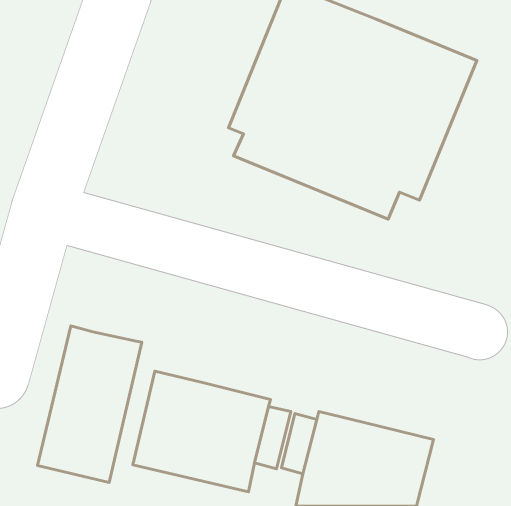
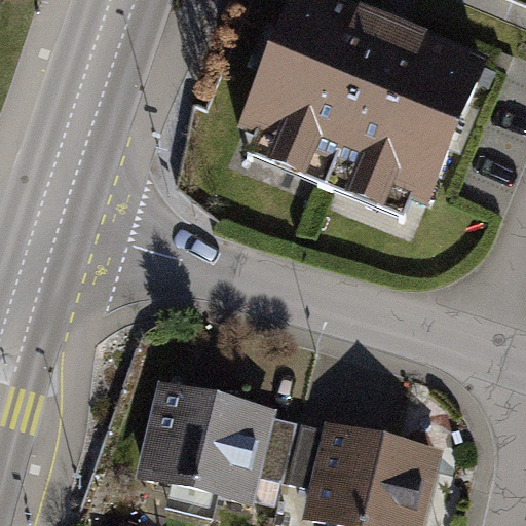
building: [38,326,142,482] -> none

